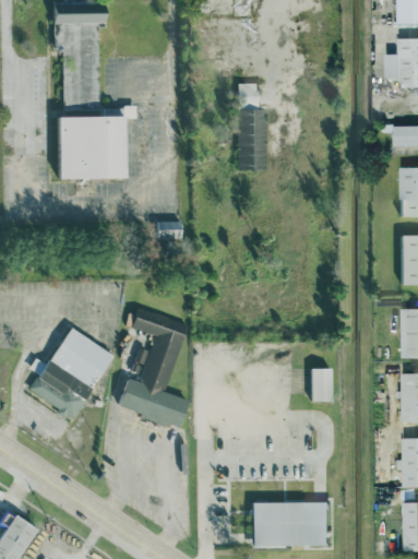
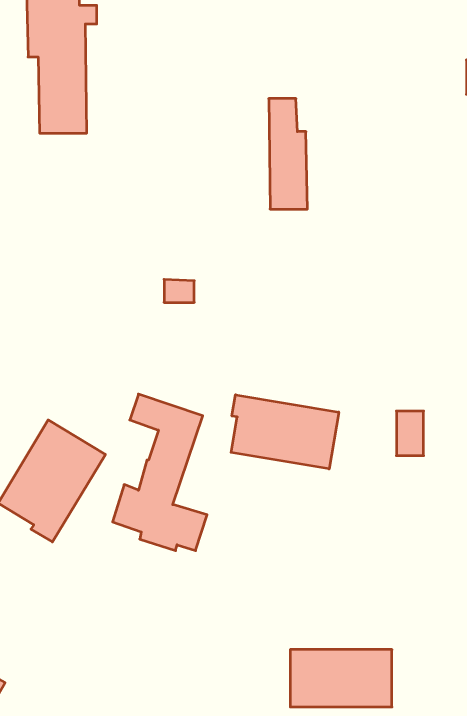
building: [59,108,132,180] -> none
building: none -> [231,395,339,469]
building: [311,369,332,403] -> [396,411,424,456]

